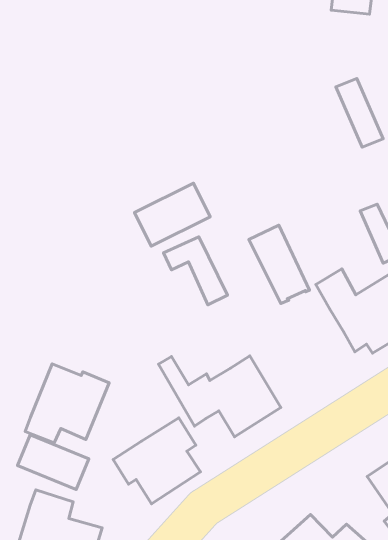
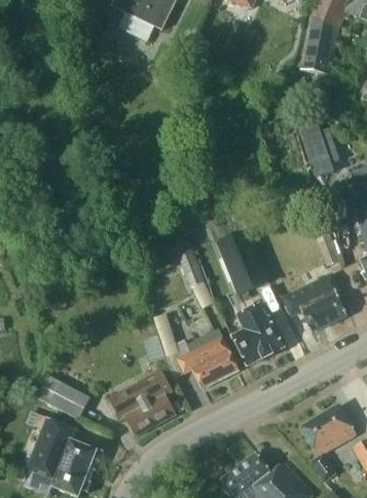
building: [134,183,210,246] -> none
building: none -> [232,303,284,365]
building: [25,364,109,443] -> none

